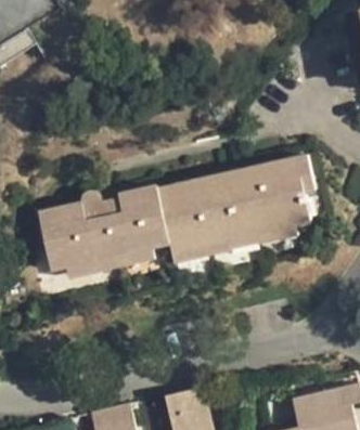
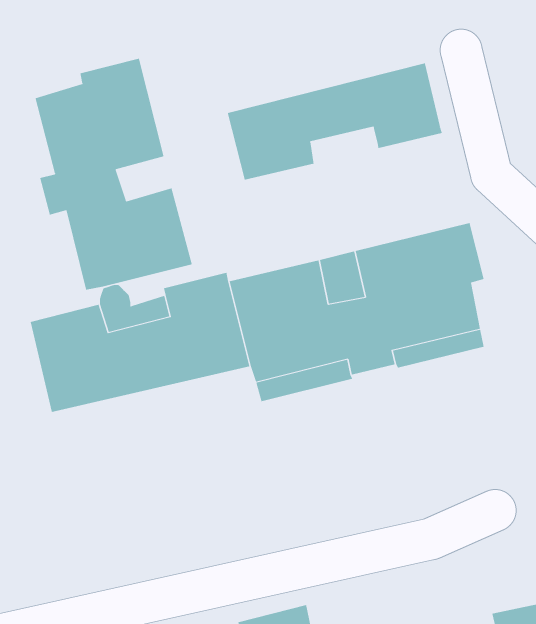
building: none -> [35,58,192,290]
building: none -> [227,62,442,181]

